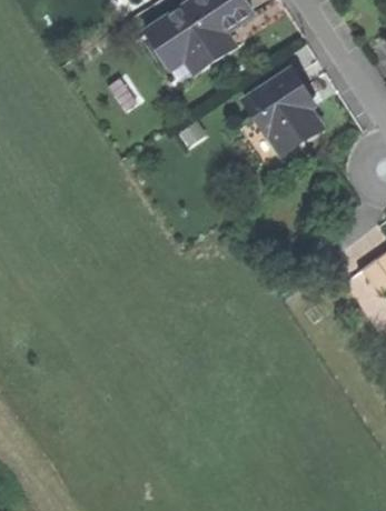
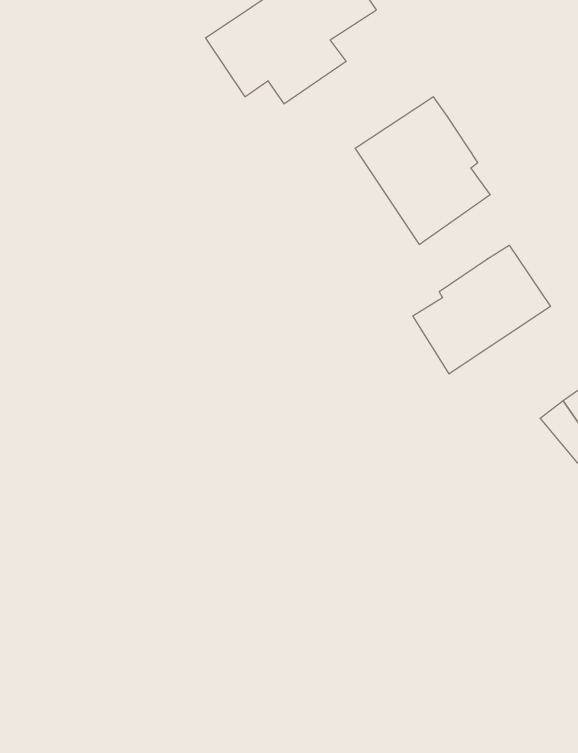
building: none -> [413,245,551,374]

